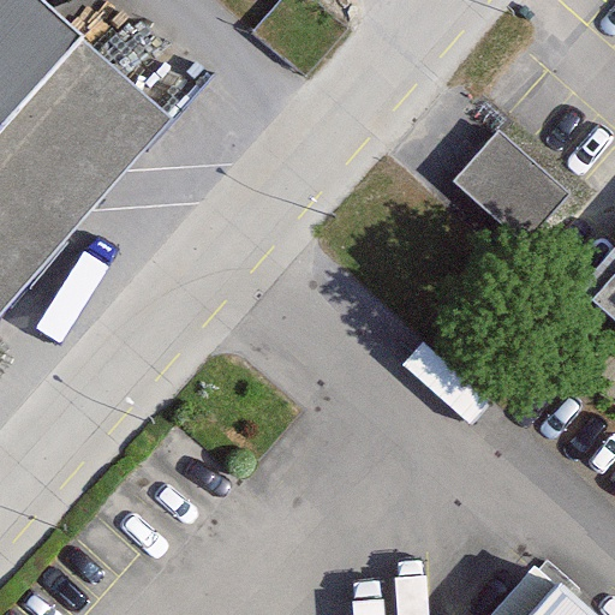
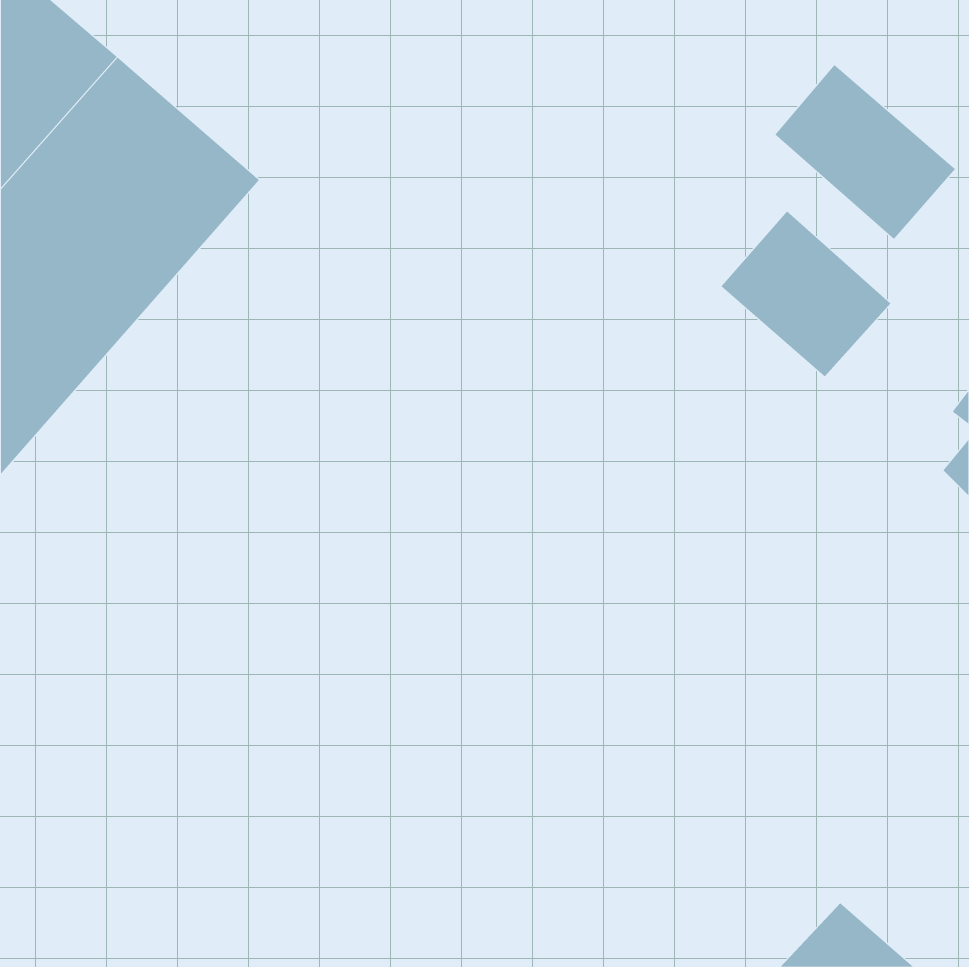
building: none -> [774,64,956,240]

